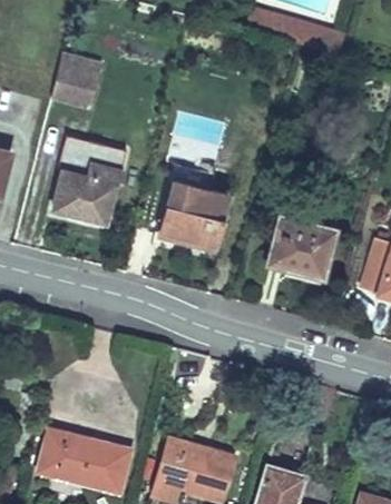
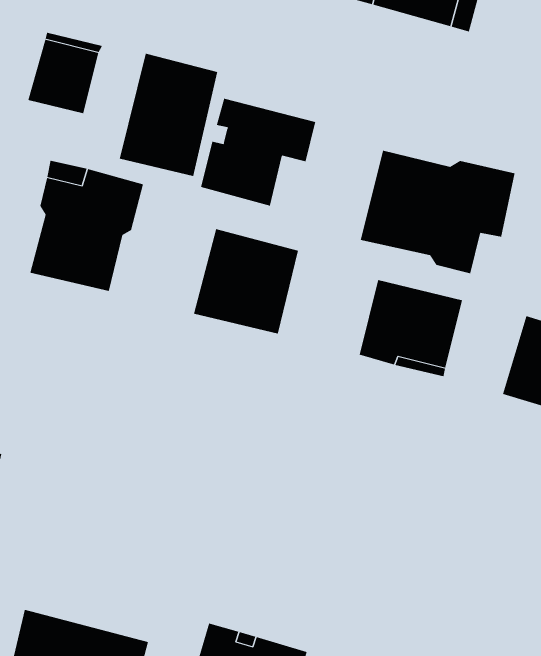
building: none -> [119,53,218,177]
building: none -> [200,98,316,206]
building: none -> [360,150,515,274]

